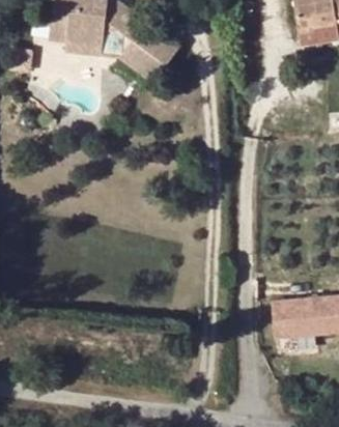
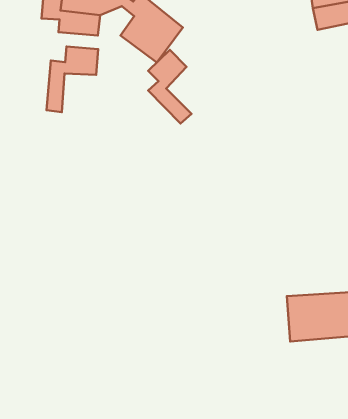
building: none -> [47,47,98,112]
building: none -> [148,50,191,123]

